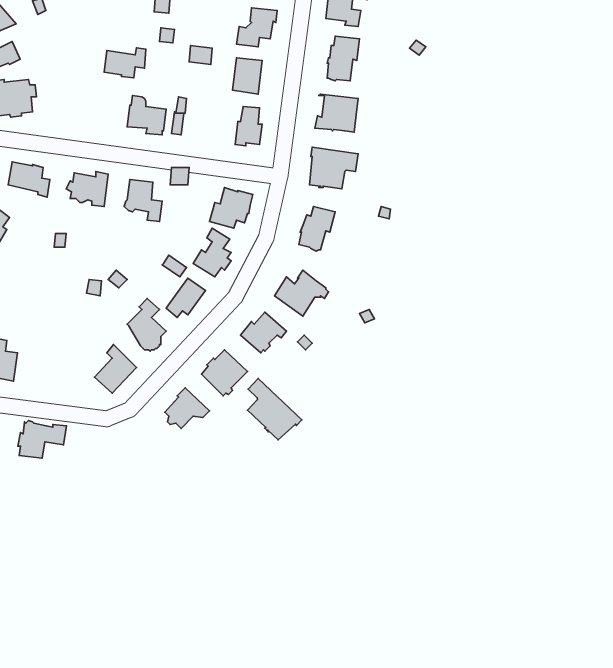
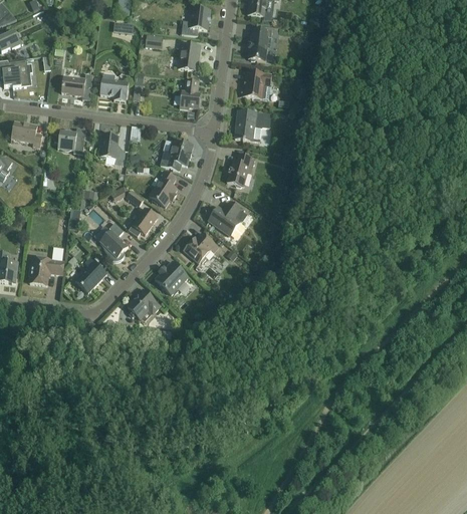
building: [104,48,146,78] -> [61,73,92,95]
building: [248,379,302,440] -> none
building: [18,420,66,458] -> [28,256,64,284]

